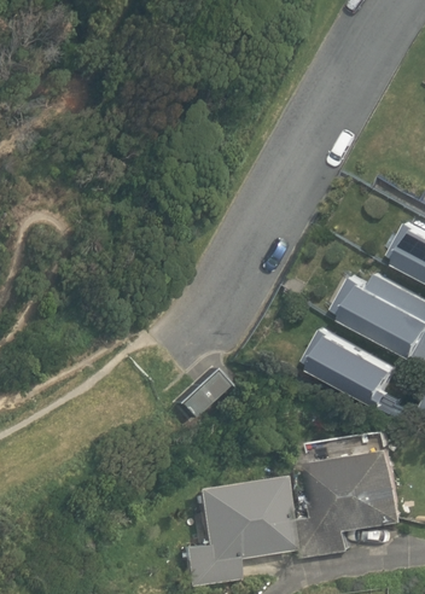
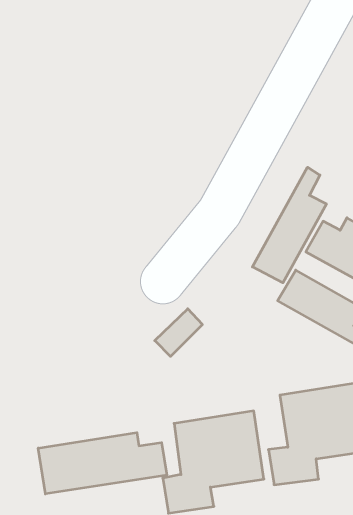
building: none -> [252,167,326,283]
building: none -> [38,433,167,494]

